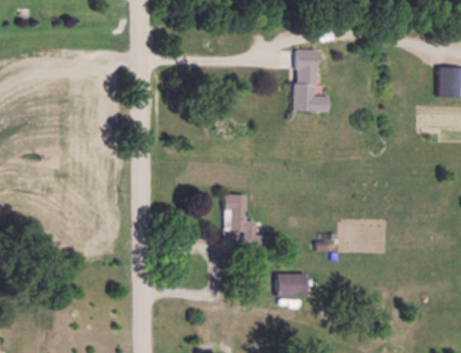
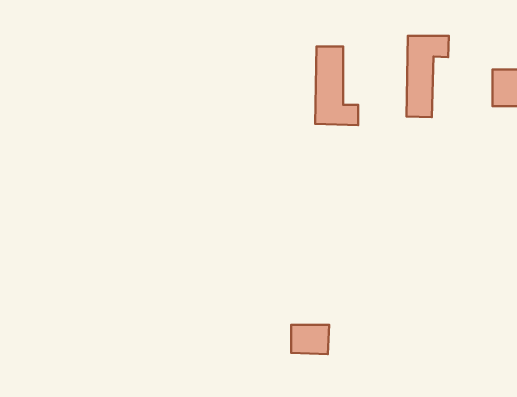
building: none -> [406,36,449,117]
building: [223,194,267,254] -> none

